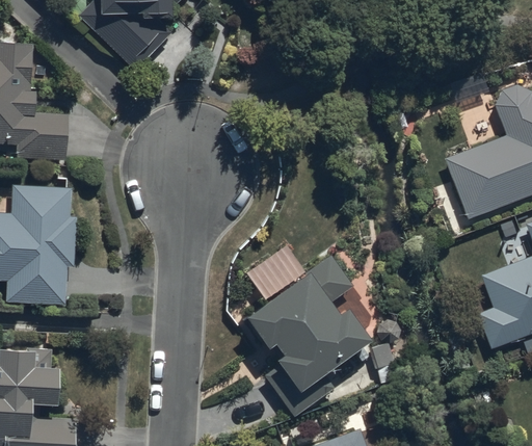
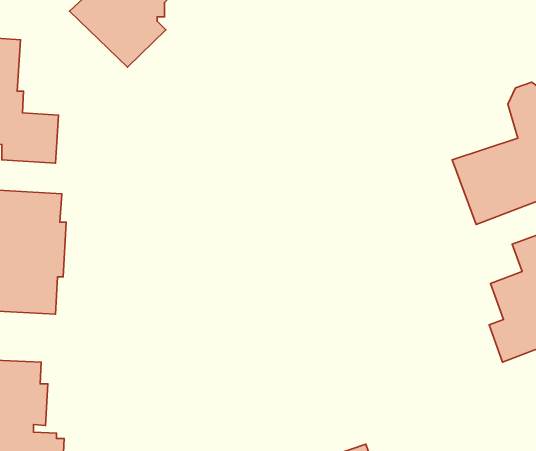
building: [245,245,371,418] -> none

